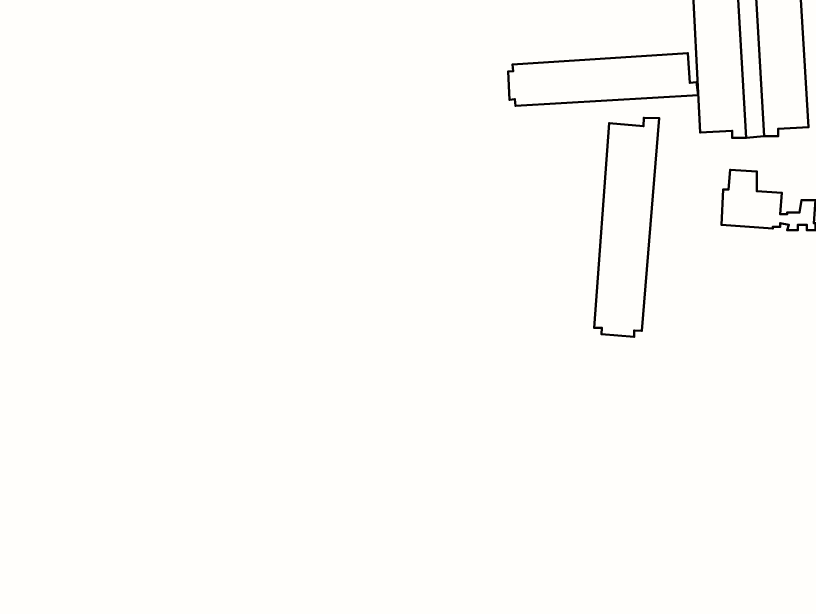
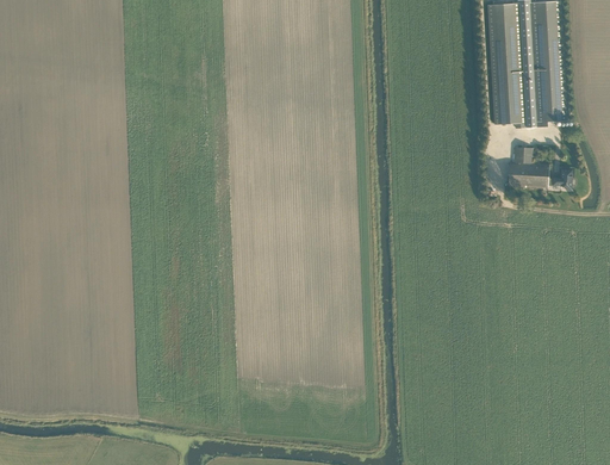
building: [508,53,698,106] -> none
building: [594,118,659,337] -> none

